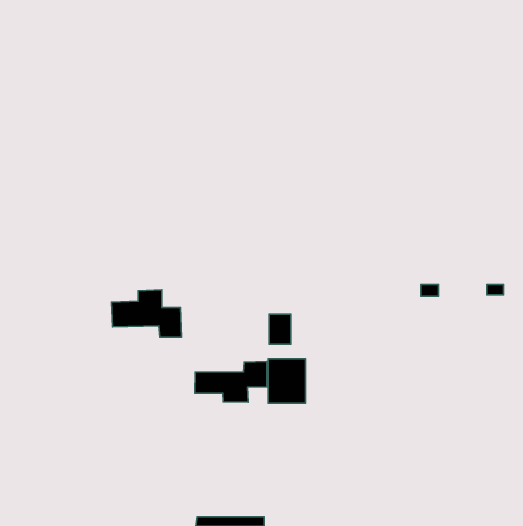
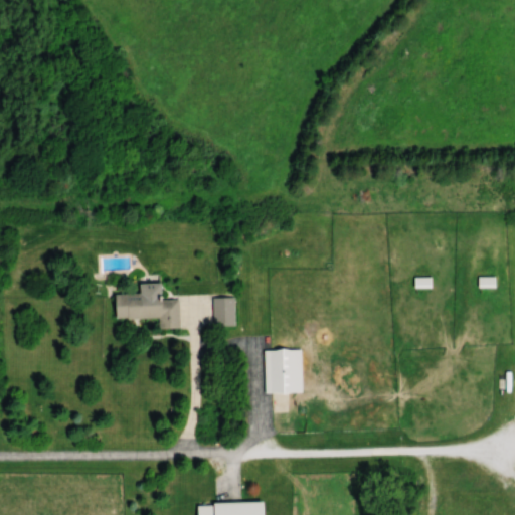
building: [269,314,291,344] -> [214,298,235,327]
building: [195,361,267,402] -> none

